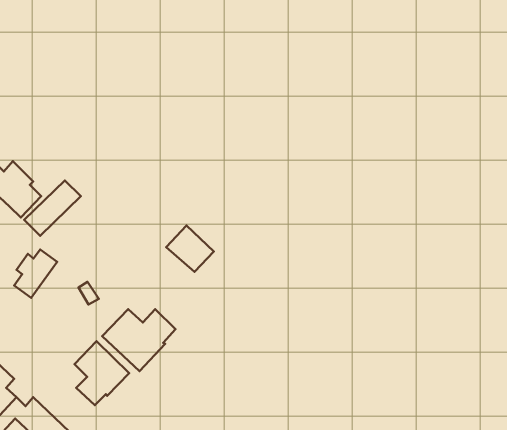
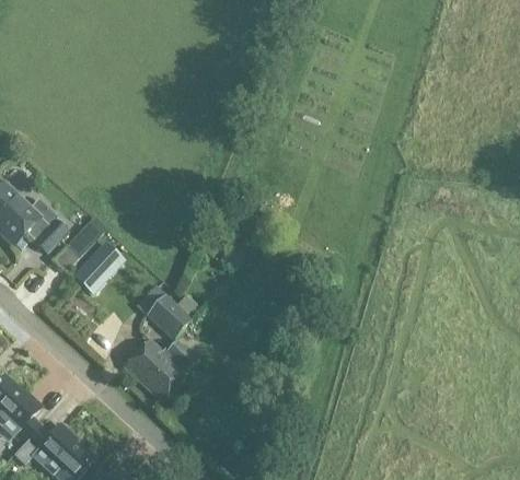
building: [166,226,214,272] -> [146,294,192,339]
building: [14,249,57,298] -> [76,246,117,293]
building: [75,341,129,405] -> none

